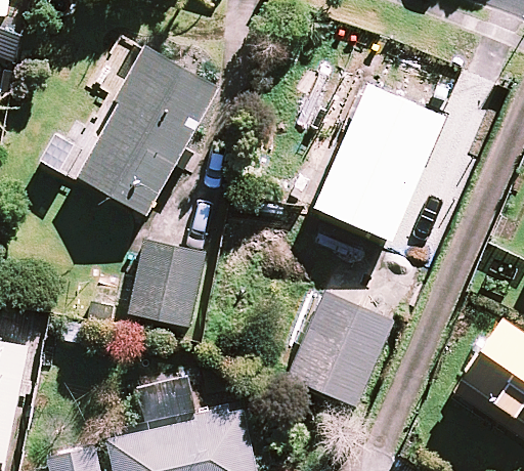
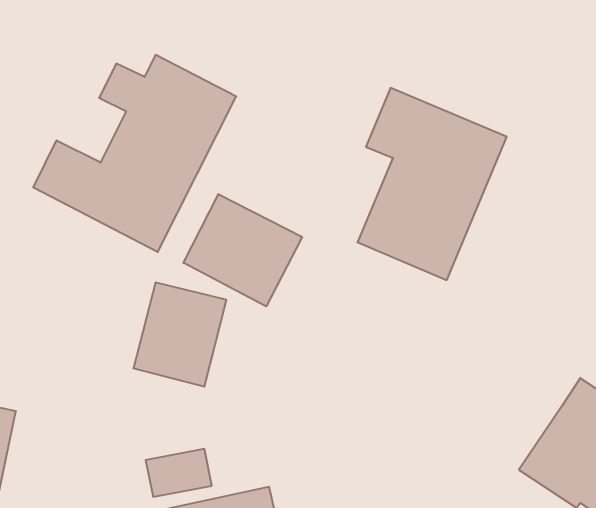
building: none -> [183,194,302,306]
building: [289,292,392,405] -> none

